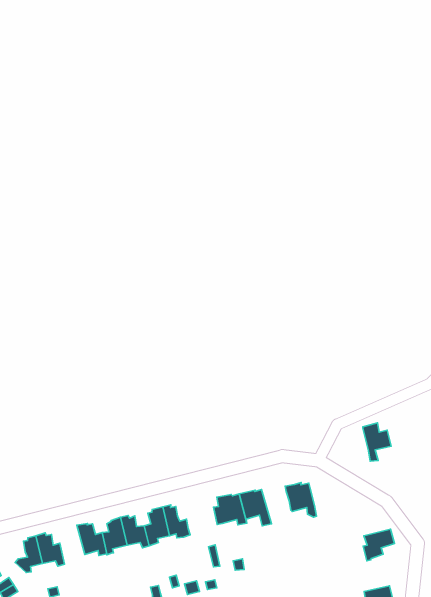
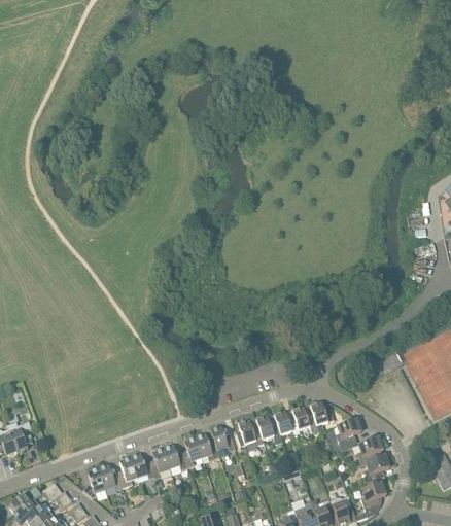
building: [363,423,391,461] -> [311,401,335,432]
building: none -> [274,411,301,435]
building: none -> [211,426,236,456]
building: none -> [337,419,361,450]
building: none -> [117,456,138,488]
building: none -> [365,455,390,482]

